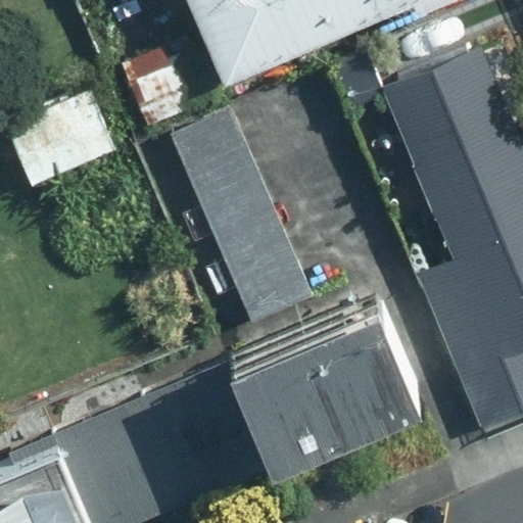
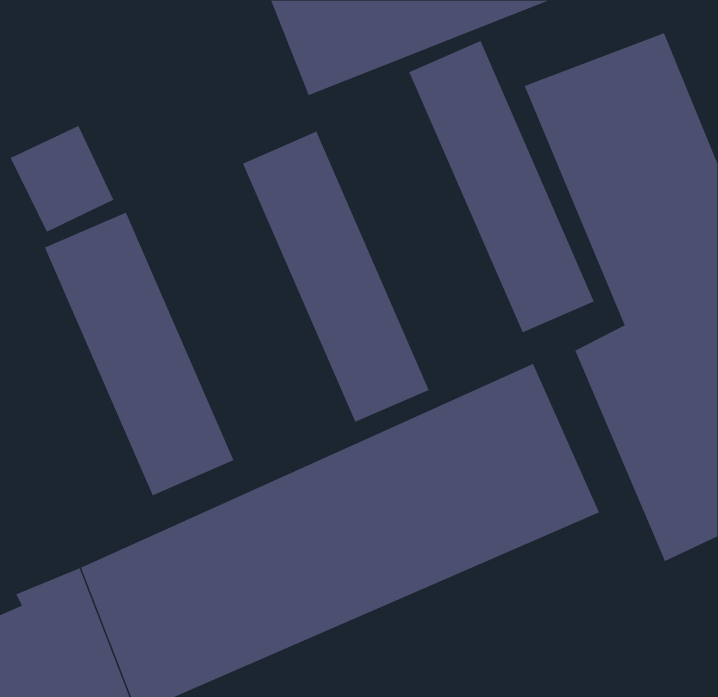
building: none -> [409,40,595,333]
building: none -> [44,212,234,496]

